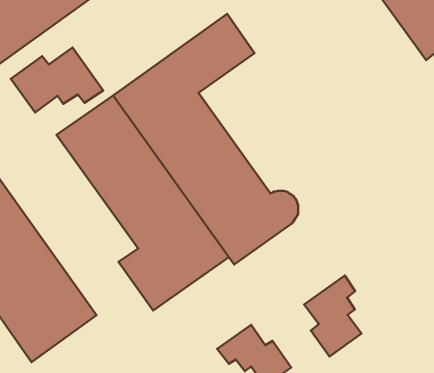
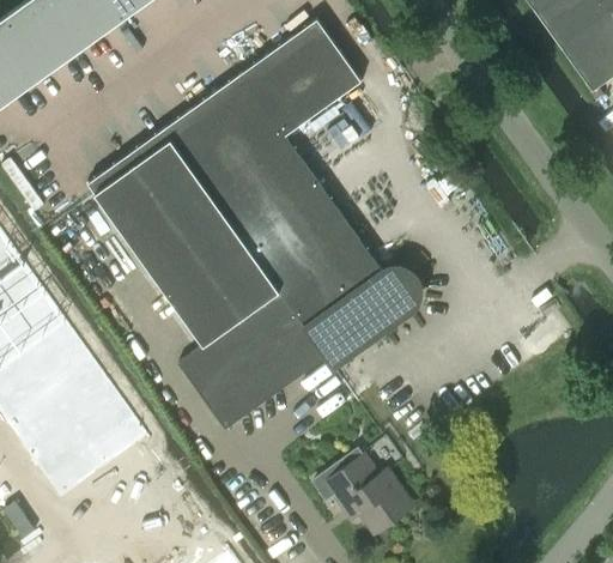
building: [11,47,103,112] -> none
building: [304,275,361,356] -> none

